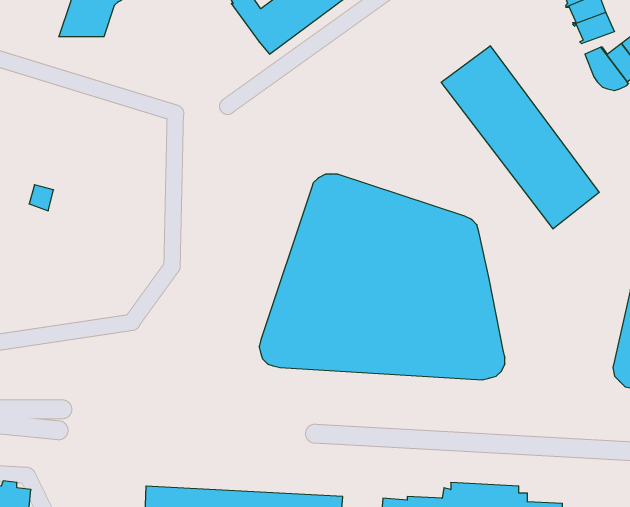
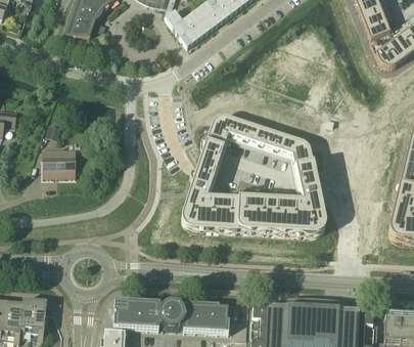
building: [441,46,599,229] -> none
building: none -> [43,148,76,176]

